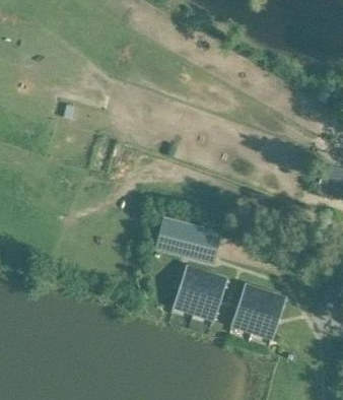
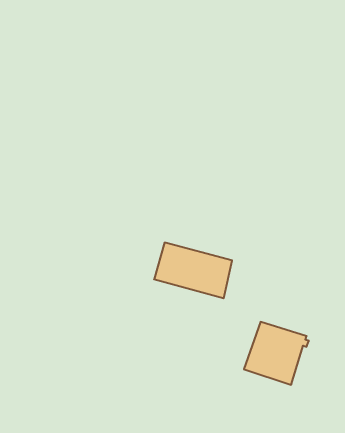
building: [174,266,228,320] -> none

